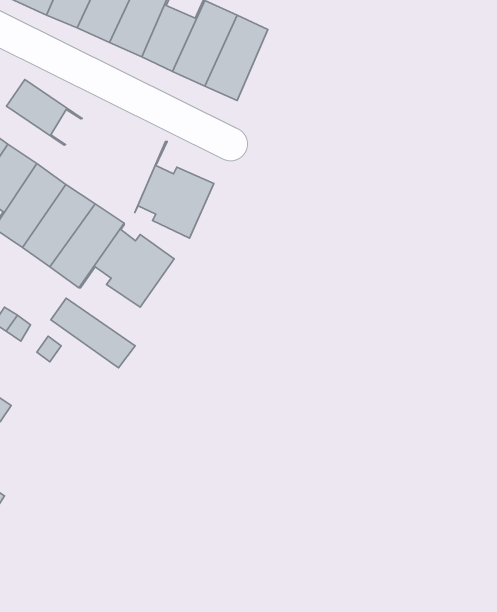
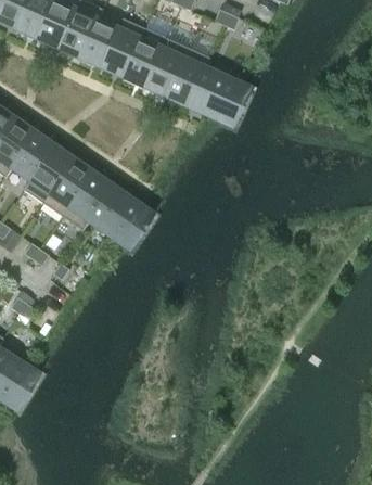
building: [7,80,82,145] -> none
building: [135,141,214,238] -> [189,58,242,123]
building: [51,298,135,368] -> none

